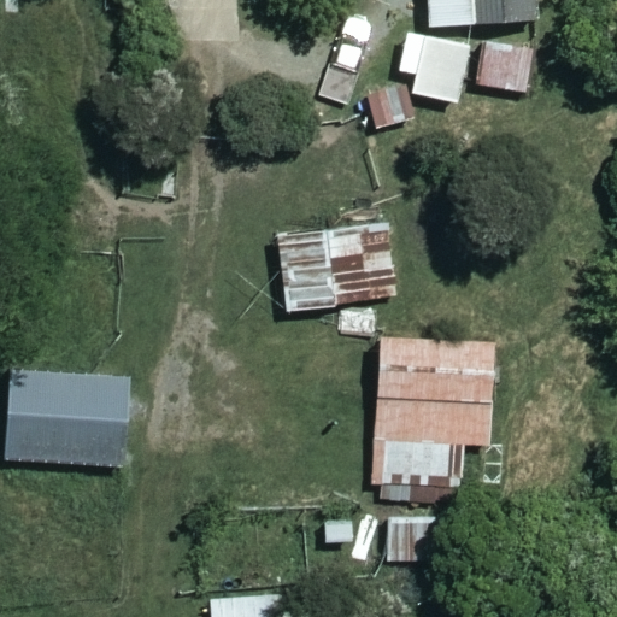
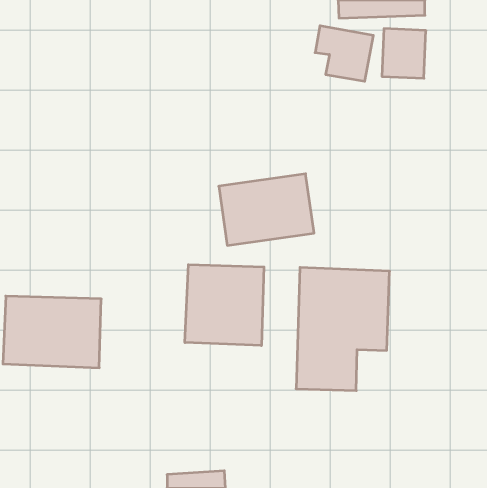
building: none -> [185,265,264,346]

